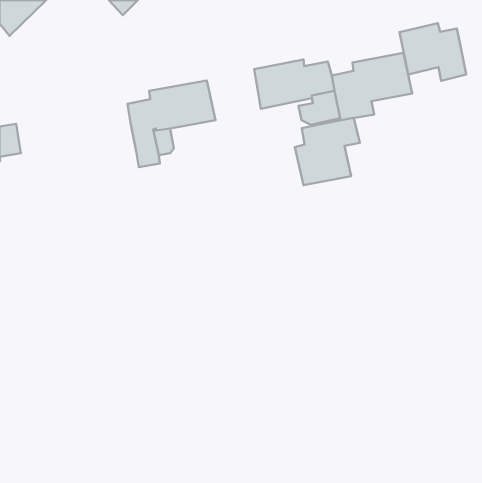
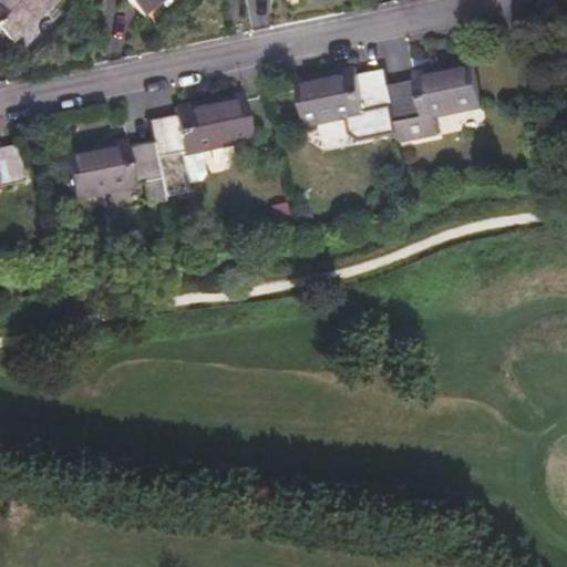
building: [399,23,466,81] -> none
building: [295,118,360,185] -> none
building: none -> [64,141,159,199]

